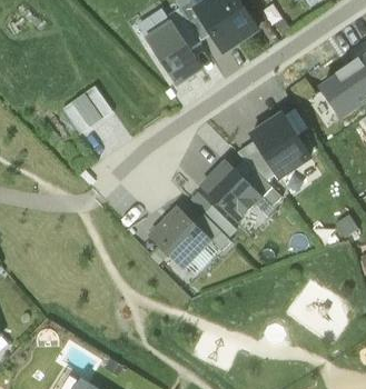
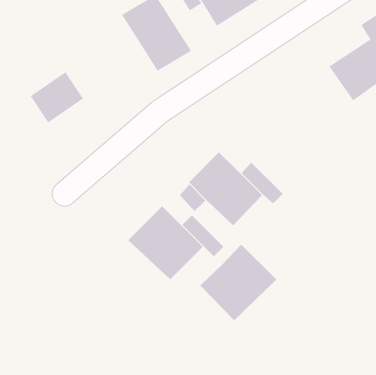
building: [249,106,314,173] -> none
building: none -> [199,244,277,321]

